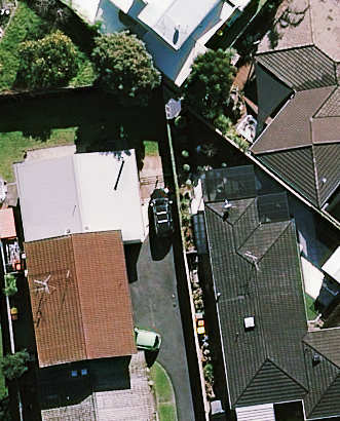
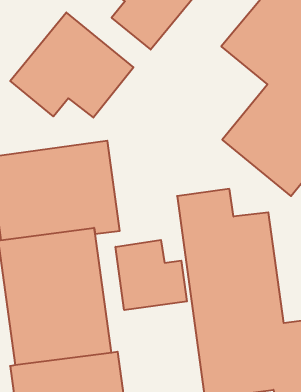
building: none -> [10,12,133,118]
building: none -> [116,240,187,310]

